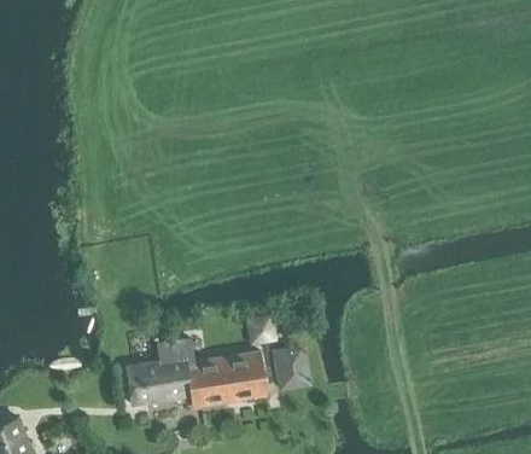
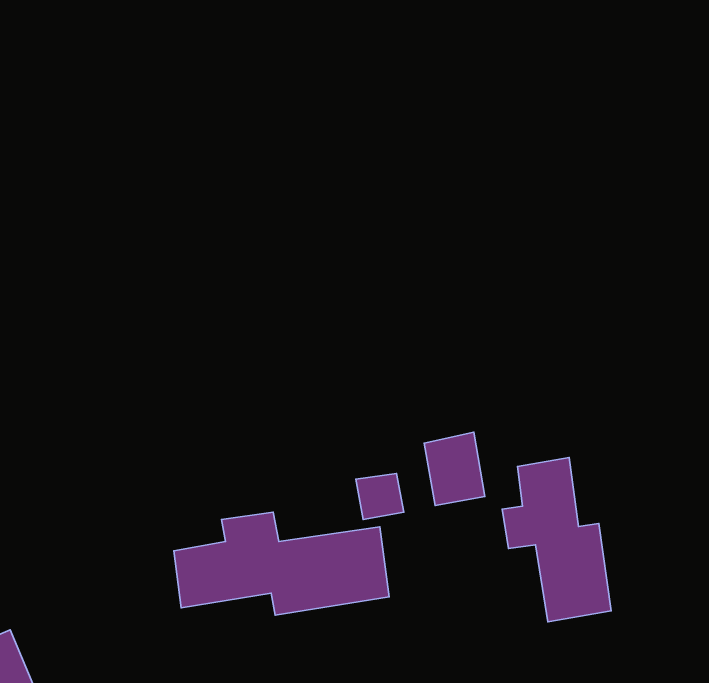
building: none -> [502,457,611,622]
building: [272,344,311,392] -> [424,432,485,506]

